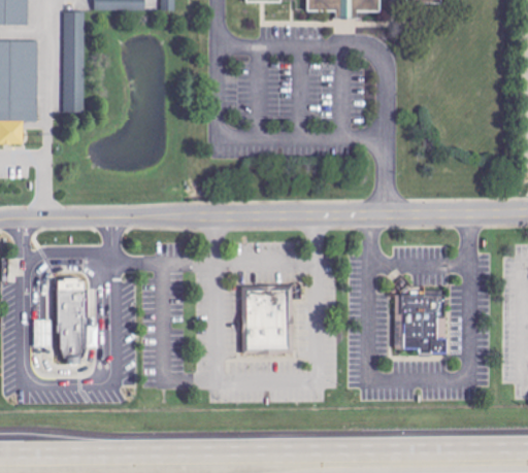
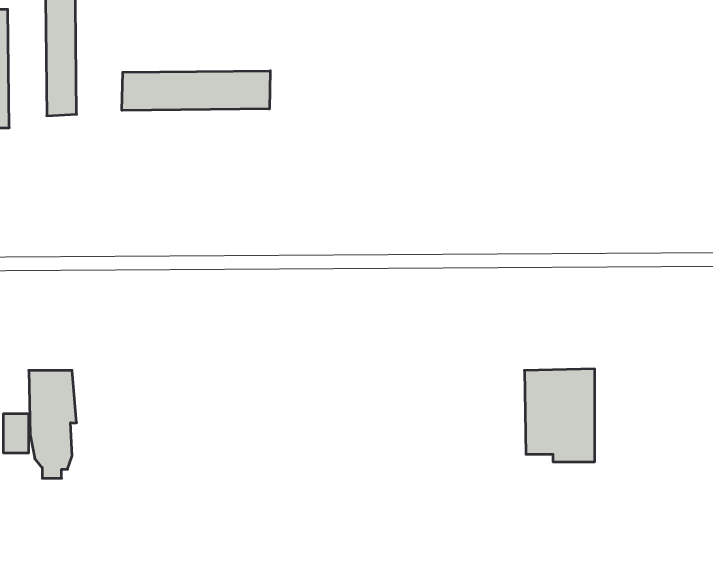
building: none -> [122,71,270,110]
building: [238,282,290,352] -> none

